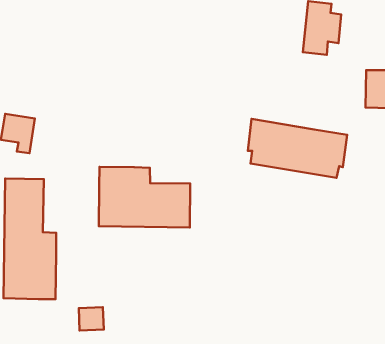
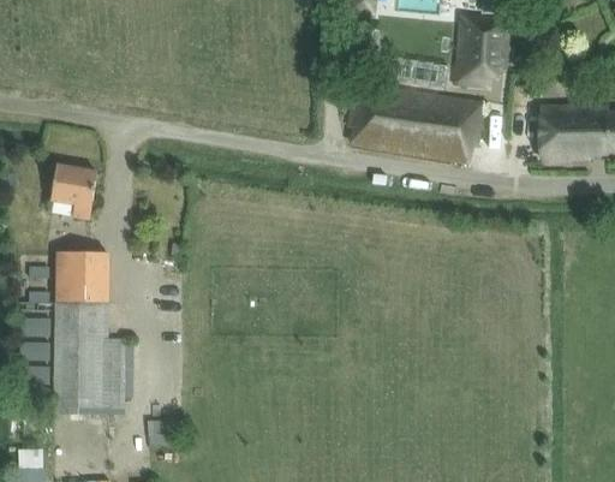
building: [248,119,347,178] -> [348,82,482,161]
building: [99,167,190,228] -> none

